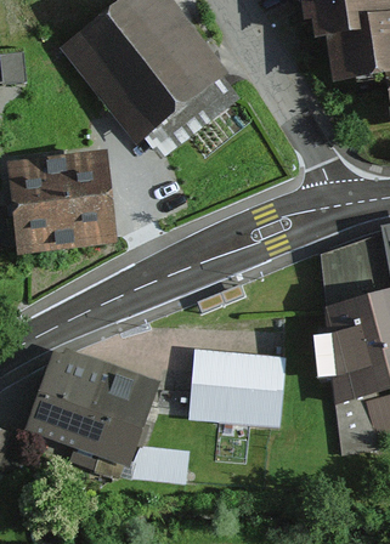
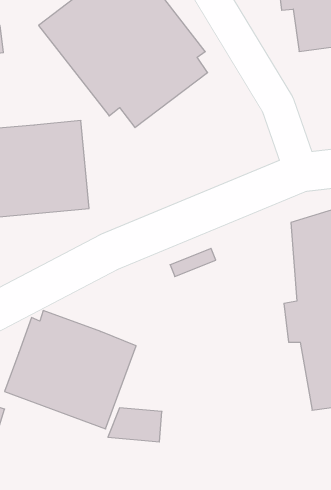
building: [190,347,283,429] -> none

